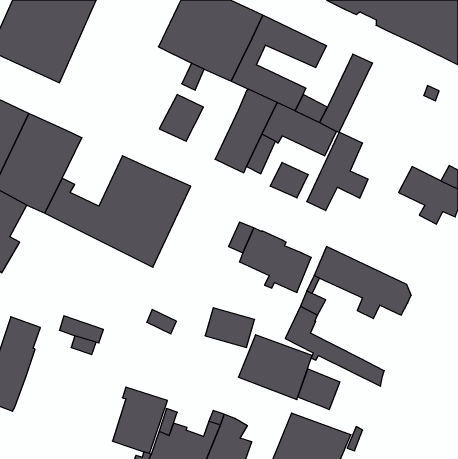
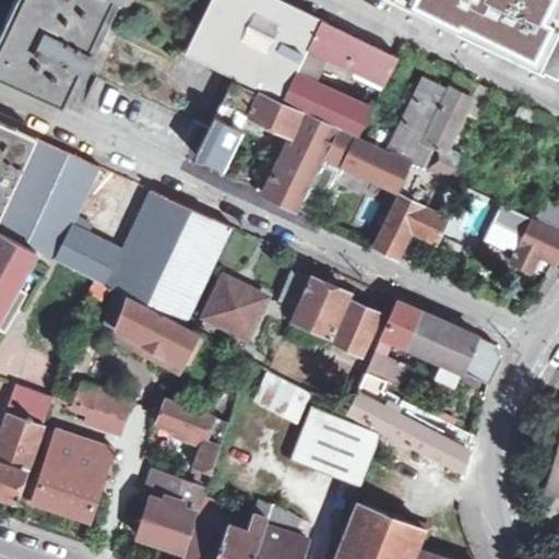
building: none -> [412,73,478,179]
building: none -> [249,91,299,134]
building: [270,162,308,198] -> none
building: none -> [201,281,262,335]
building: none -> [106,294,197,360]
building: none -> [156,400,221,473]
building: none -> [17,430,111,519]
building: [298,369,340,410] -> none

